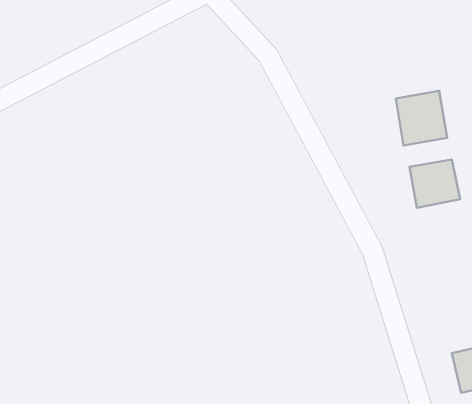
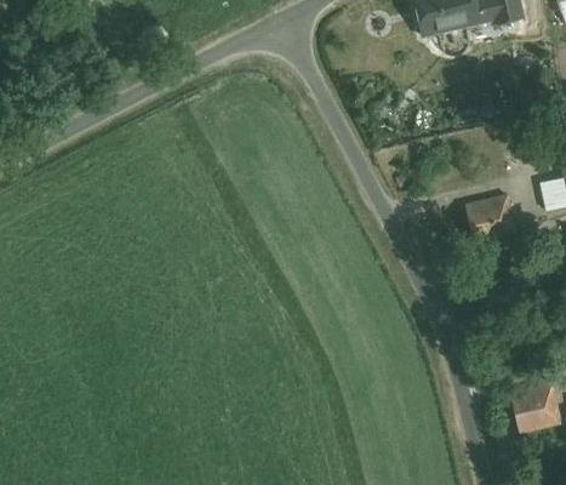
building: [396,91,447,145] -> none

